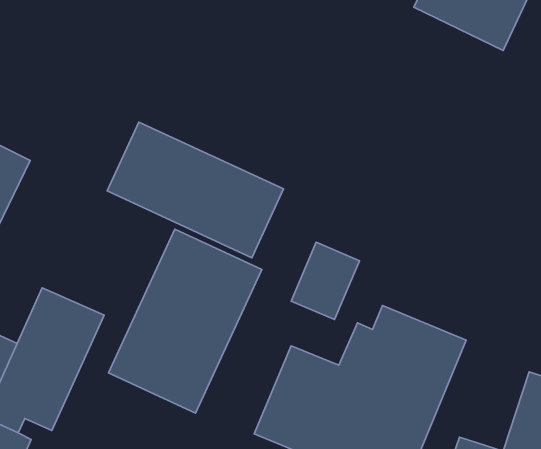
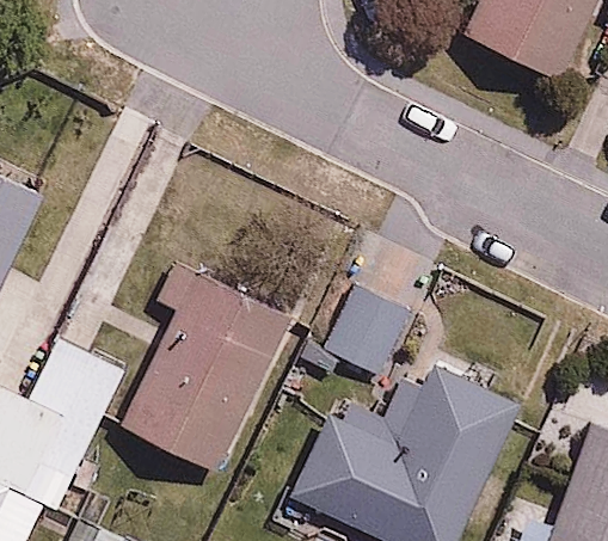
building: [107,122,283,258] -> none

